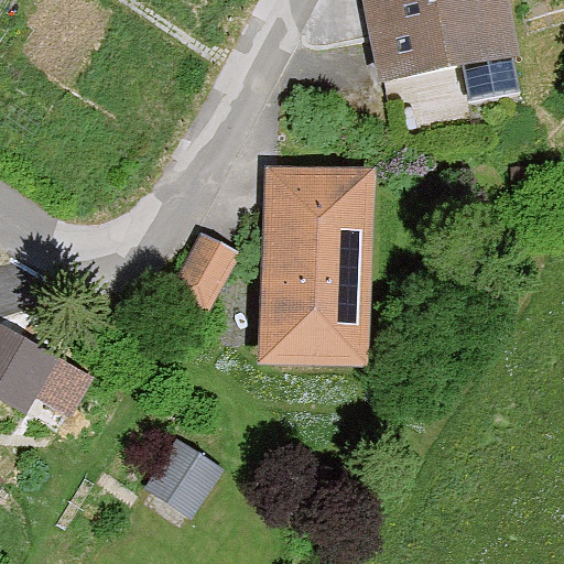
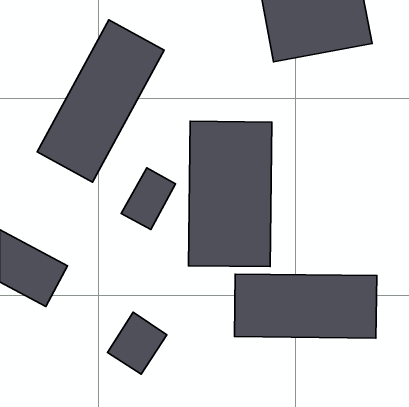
building: none -> [37,20,164,182]
building: none -> [234,274,377,338]

